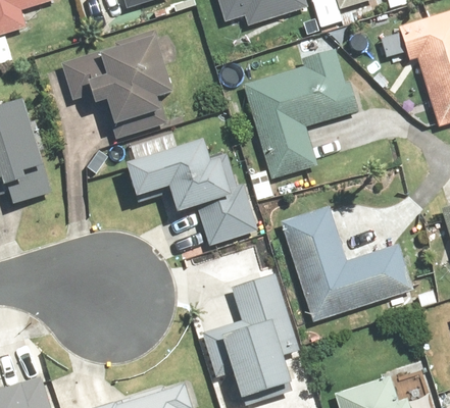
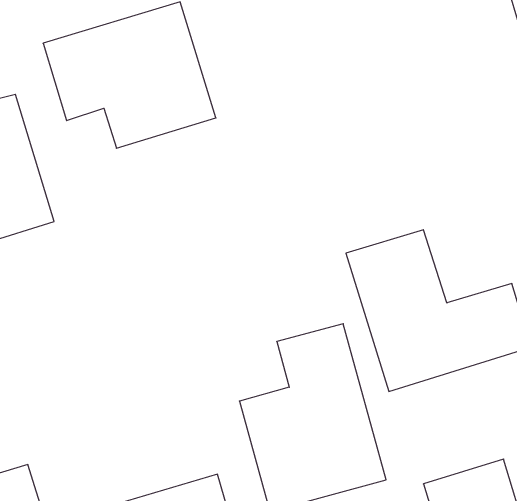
building: [235,44,361,174] -> none
building: [126,136,255,248] -> none

